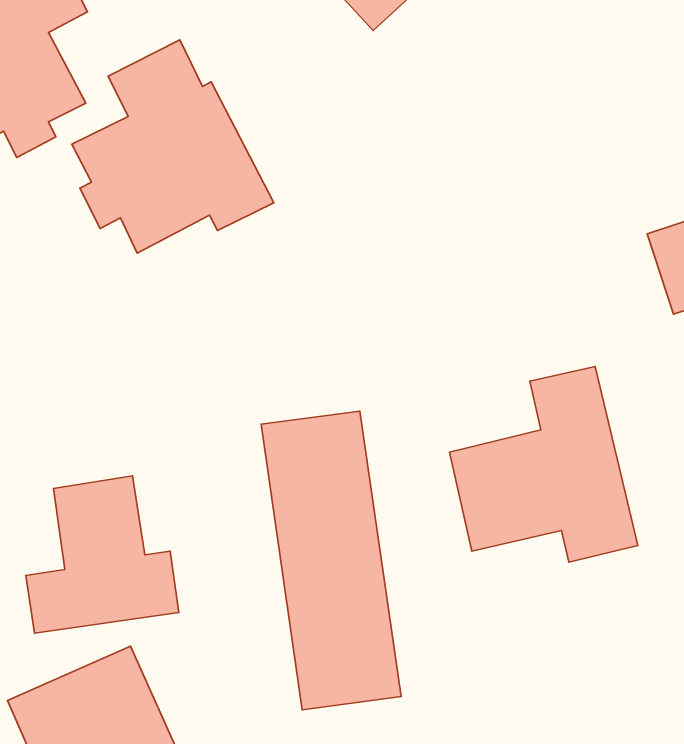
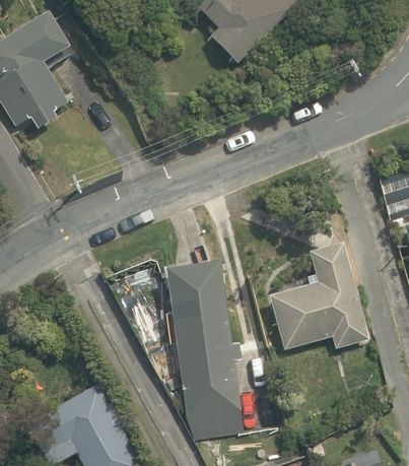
building: [72,40,274,253] -> none
building: [26,476,179,633] -> none

